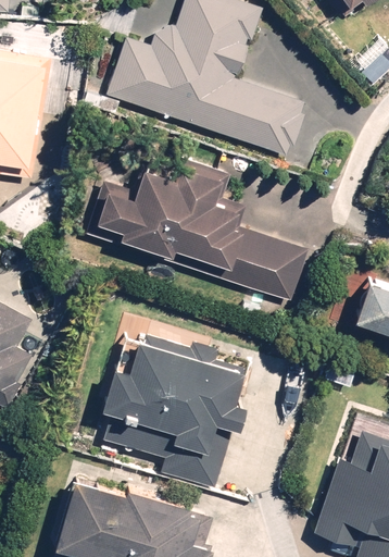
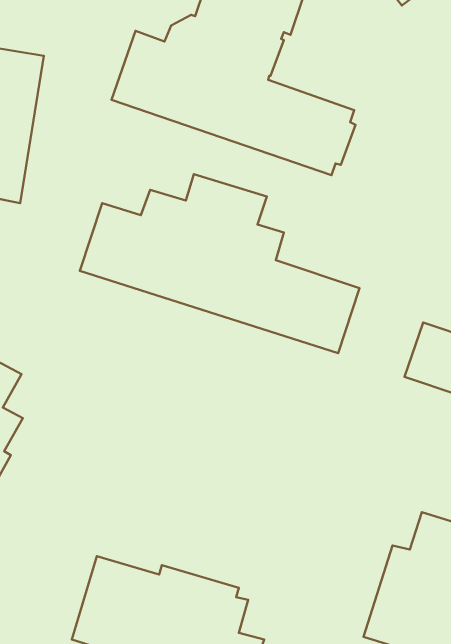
building: [115,329,265,483] -> none

